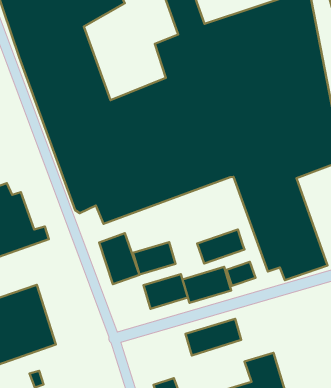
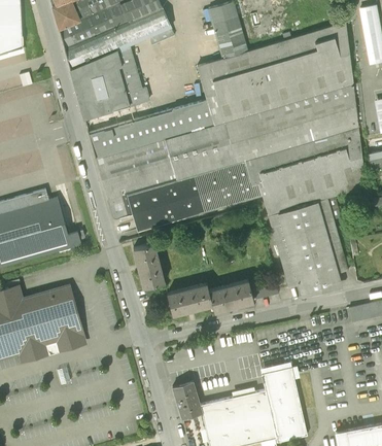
building: [197,230,245,264] -> none
building: [133,242,176,275] -> none
building: [185,319,241,356] -> none

